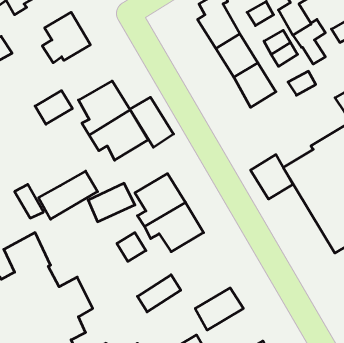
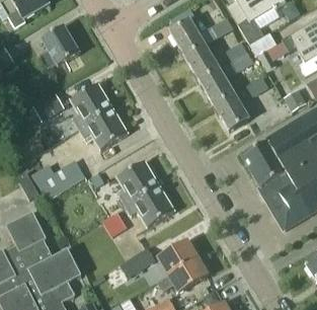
building: [130,97,174,147] -> none
building: [251,155,293,199] -> [214,92,249,130]
building: none -> [157,240,196,275]

